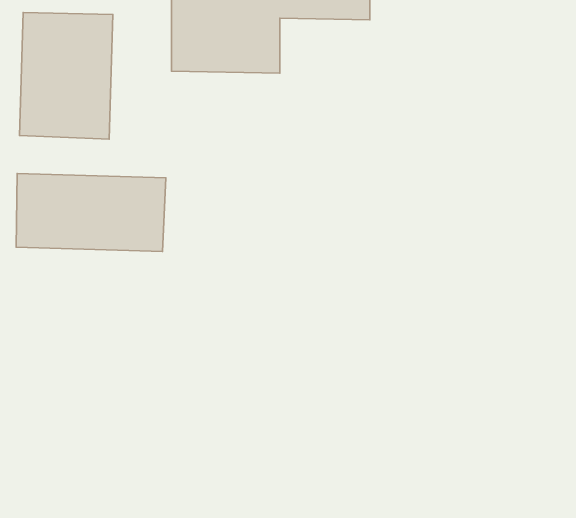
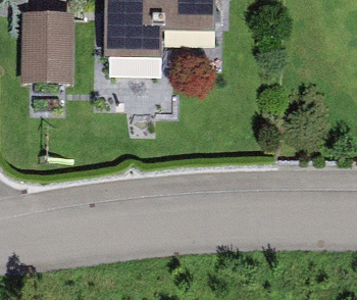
building: [16,174,166,251] -> none

